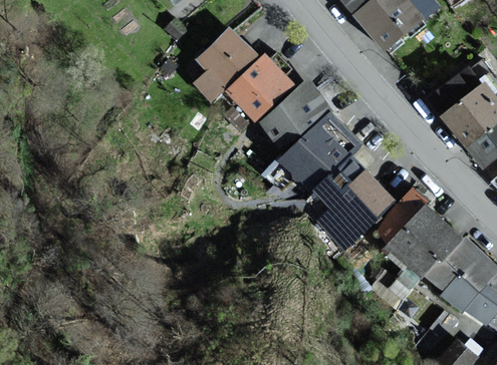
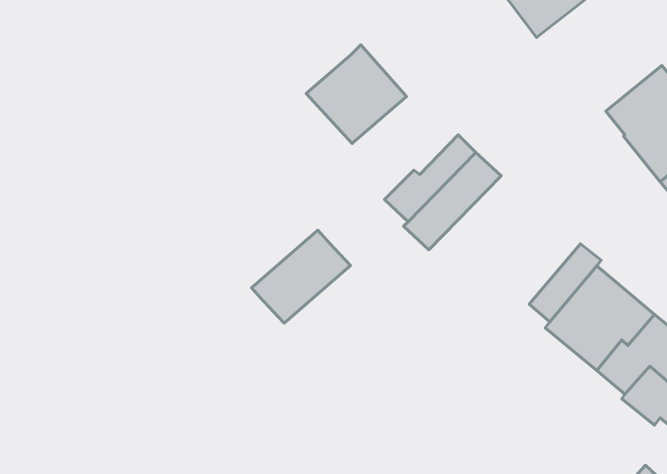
building: [194,31,256,100] -> none
building: [260,83,327,146] -> [252,230,350,323]
building: [319,158,394,248] -> none

